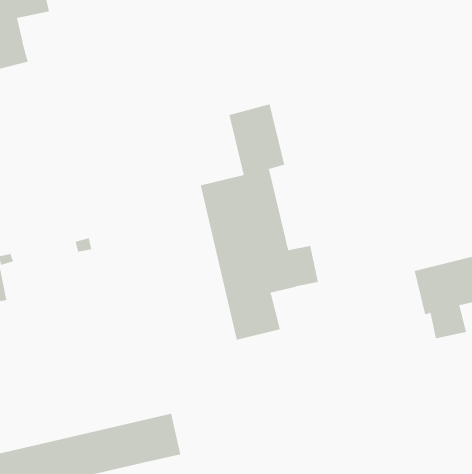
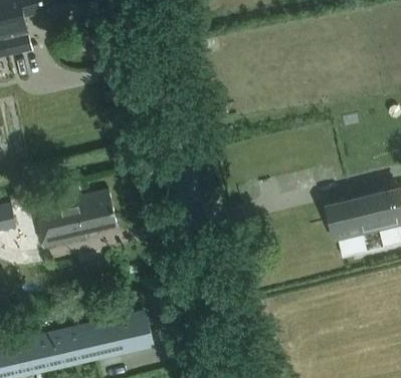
building: [200,104,319,341] -> none
building: none -> [32,190,116,249]

